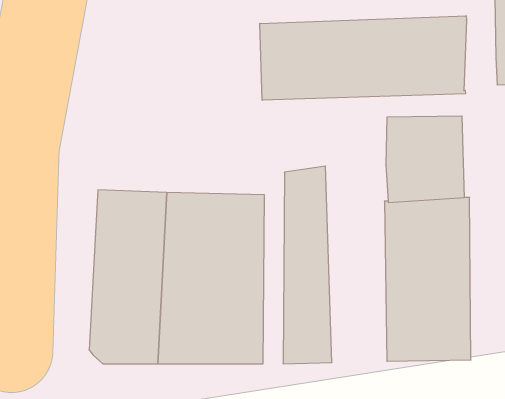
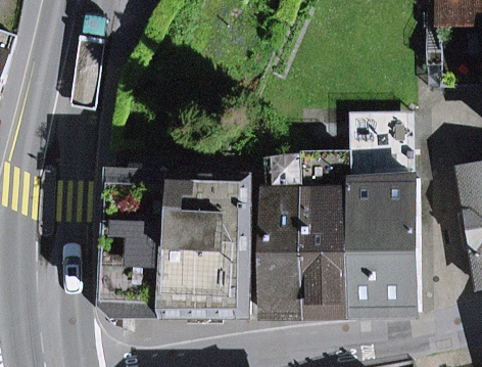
building: [260,16,466,100] -> none
building: none -> [296,155,347,317]

